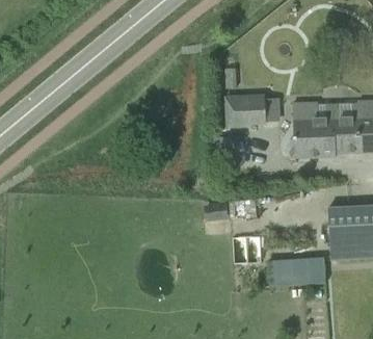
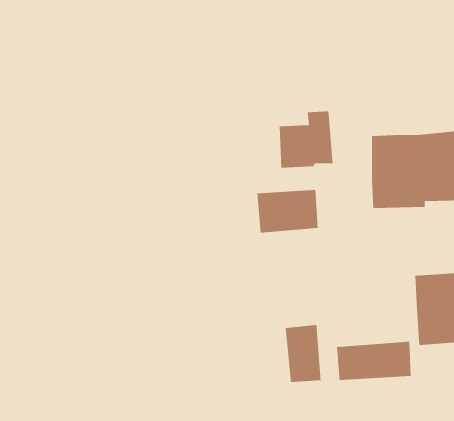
building: none -> [257,189,318,234]
building: none -> [285,324,321,383]

